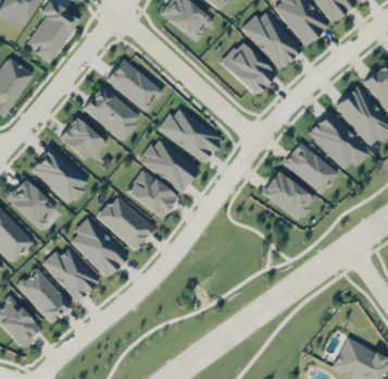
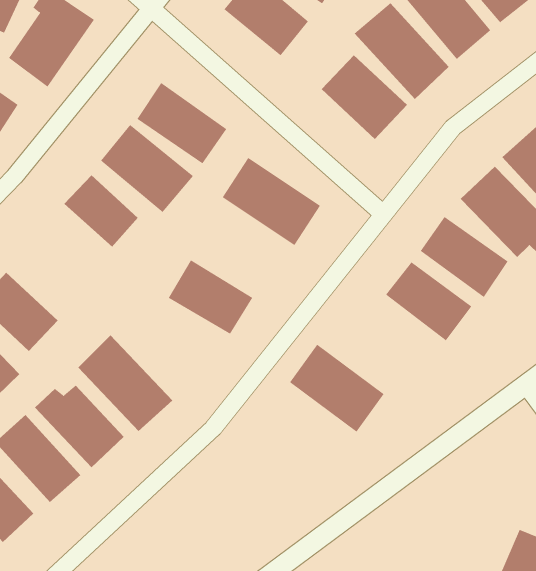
building: [139,137,199,193] -> [289,344,385,433]
building: [30,147,89,205] -> none
building: [97,195,154,250] -> none

